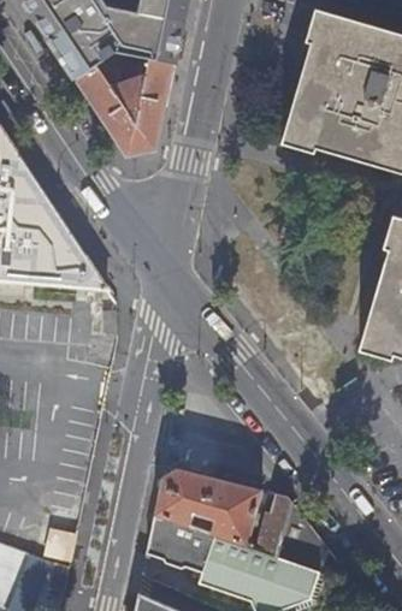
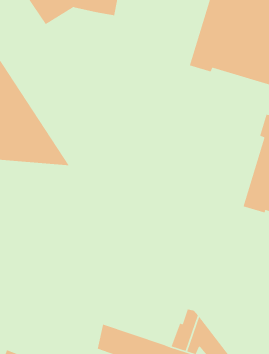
building: [75,65,172,155] -> none
building: [154,469,262,546] -> none

